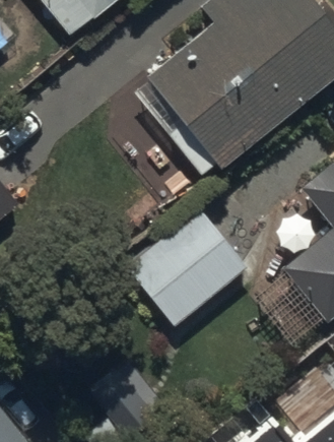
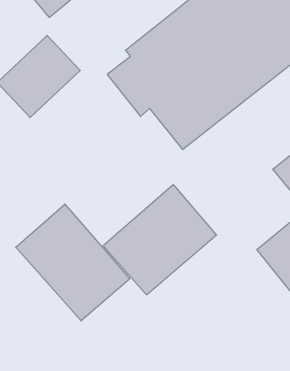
building: none -> [16,204,130,321]

